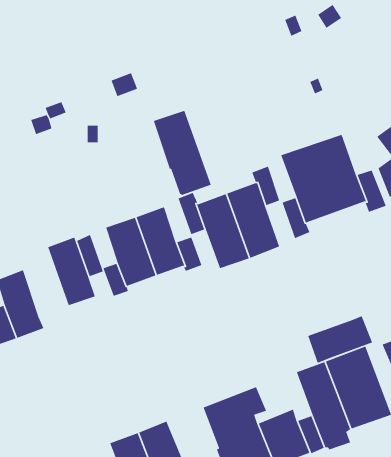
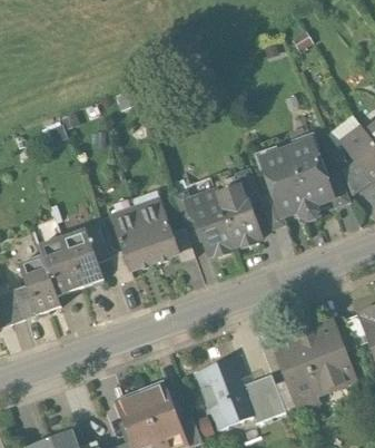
building: [153,110,212,196] -> none
building: none -> [39,235,81,294]
building: [307,315,373,364] -> none

